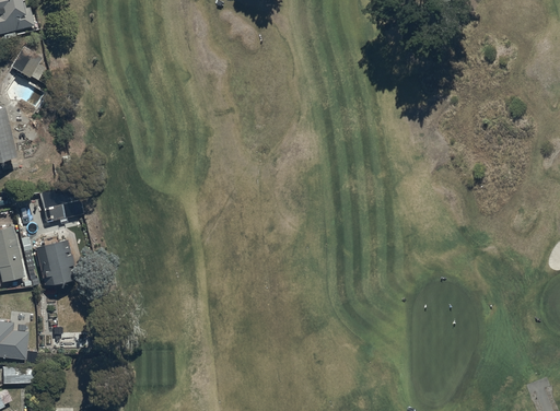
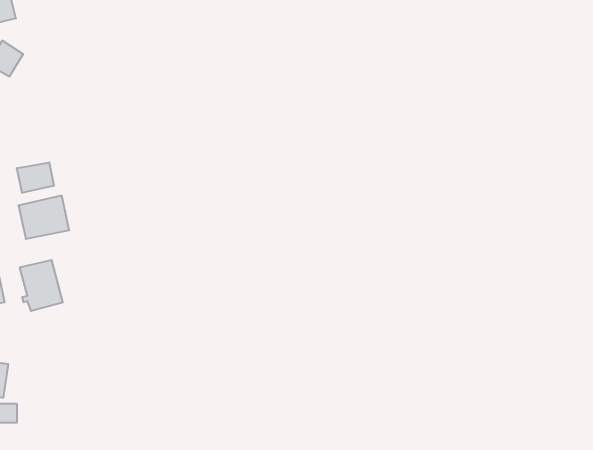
building: none -> [17,162,54,193]

